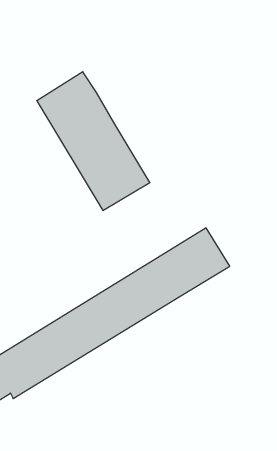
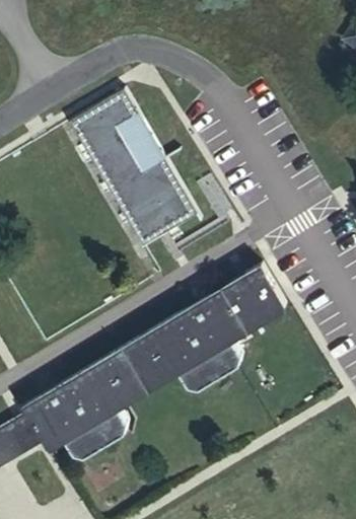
building: none -> [180,339,244,391]
building: none -> [65,409,130,461]

